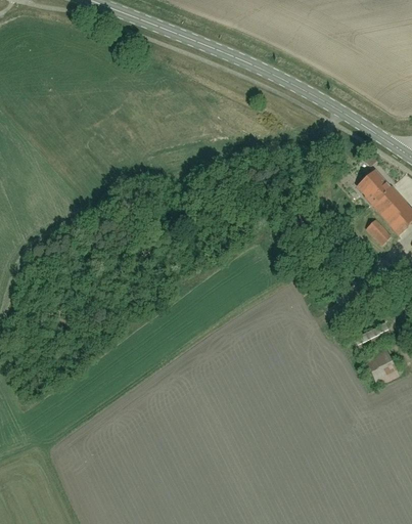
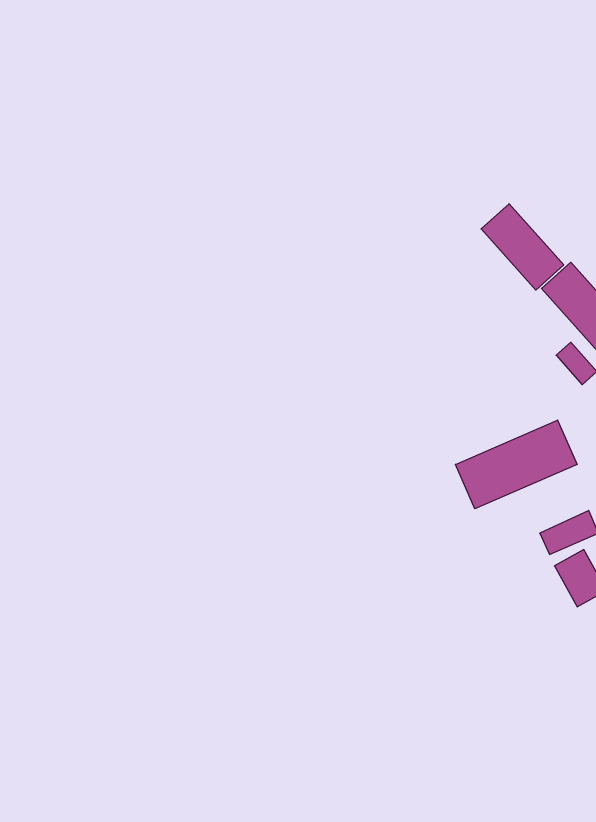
building: none -> [481,204,564,290]
building: none -> [455,420,577,509]

